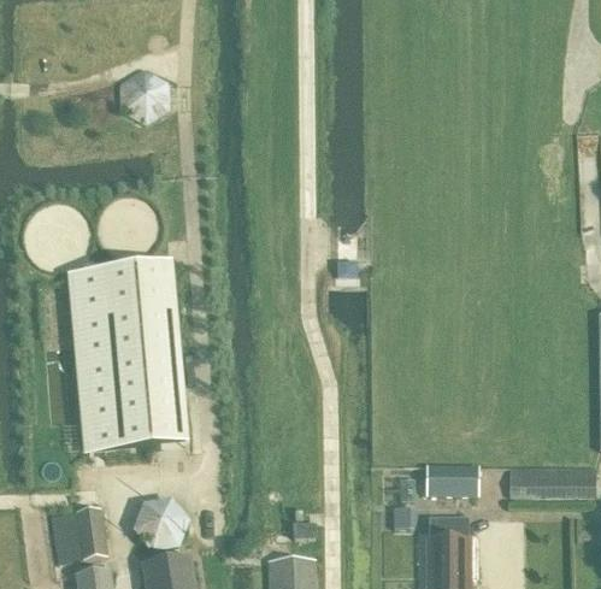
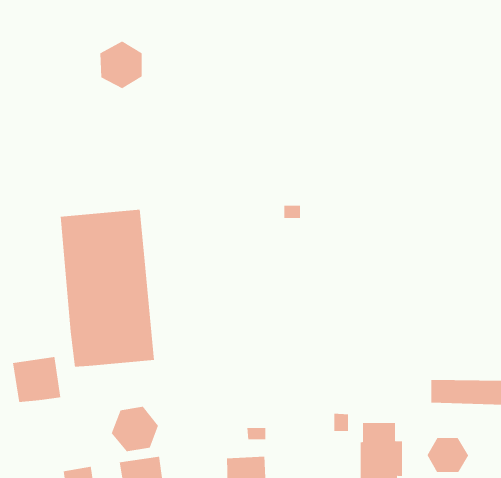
building: [425,466,479,494] -> none
building: [51,507,108,561] -> [12,357,61,402]
building: none -> [427,437,469,473]

